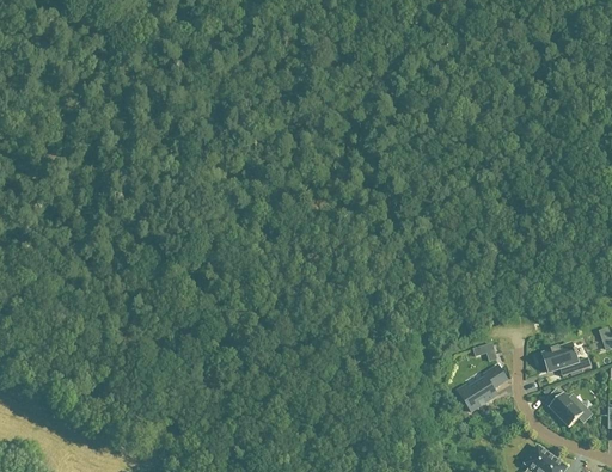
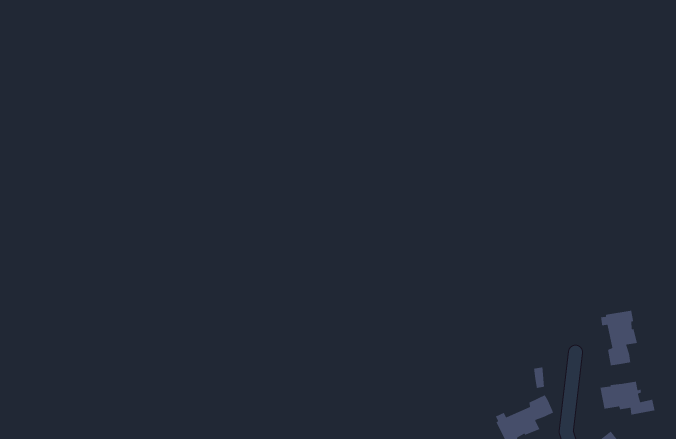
building: none -> [600,310,638,366]

